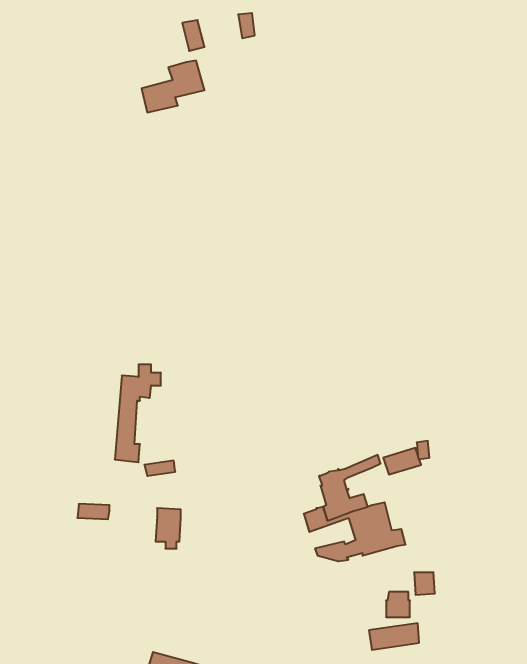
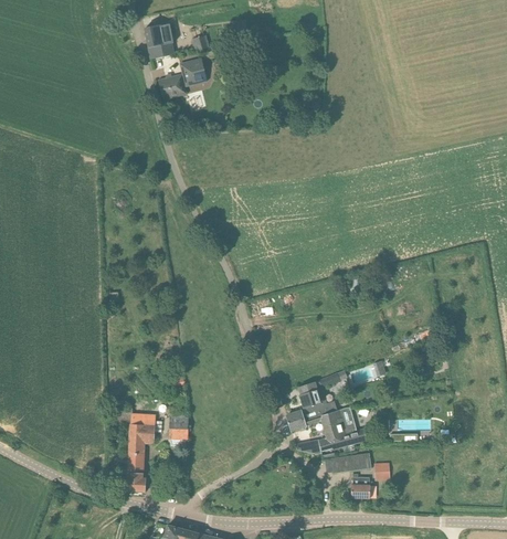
building: none -> [145,22,175,59]
building: [115,364,161,462] -> [126,415,162,493]
building: [369,623,419,650] -> [331,453,371,474]

